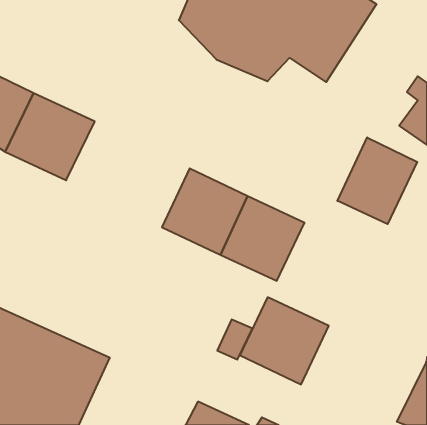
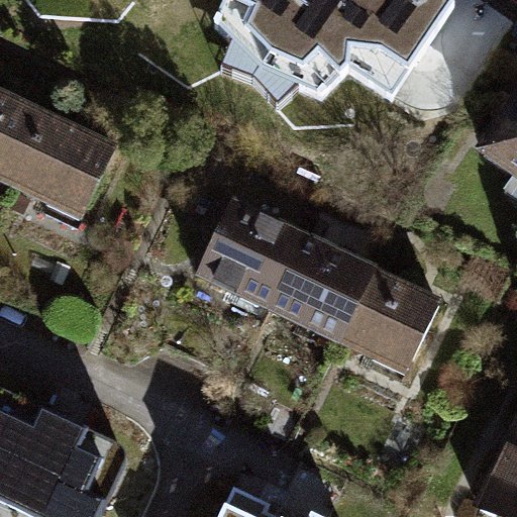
building: [337,137,417,224] -> none
building: [240,297,329,384] -> [333,269,440,374]

